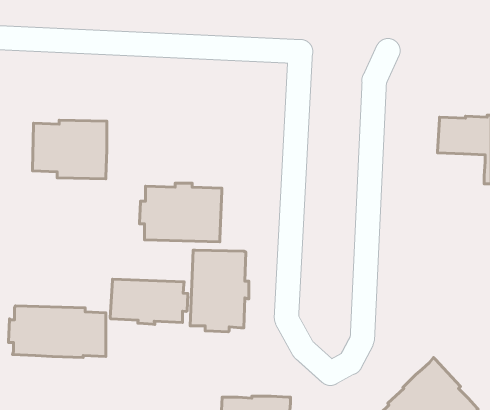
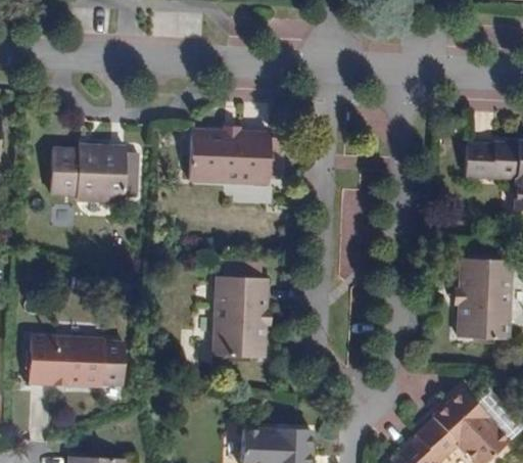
building: [139,183,222,242] -> [186,127,271,187]
building: none -> [455,259,515,343]
building: [110,279,188,324] -> none

